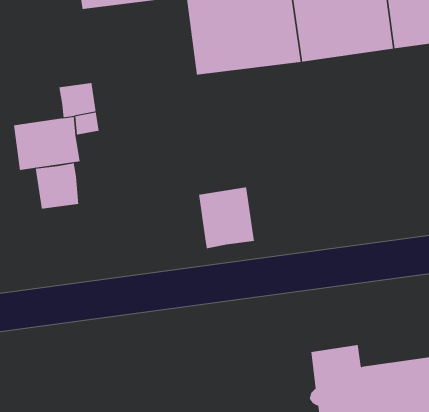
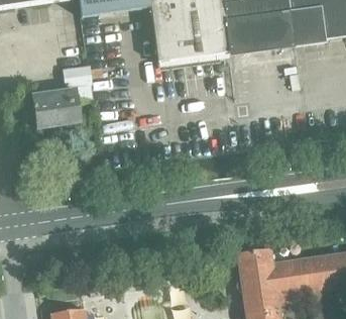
building: [35,163,79,209] -> none
building: [198,186,255,249] -> none

